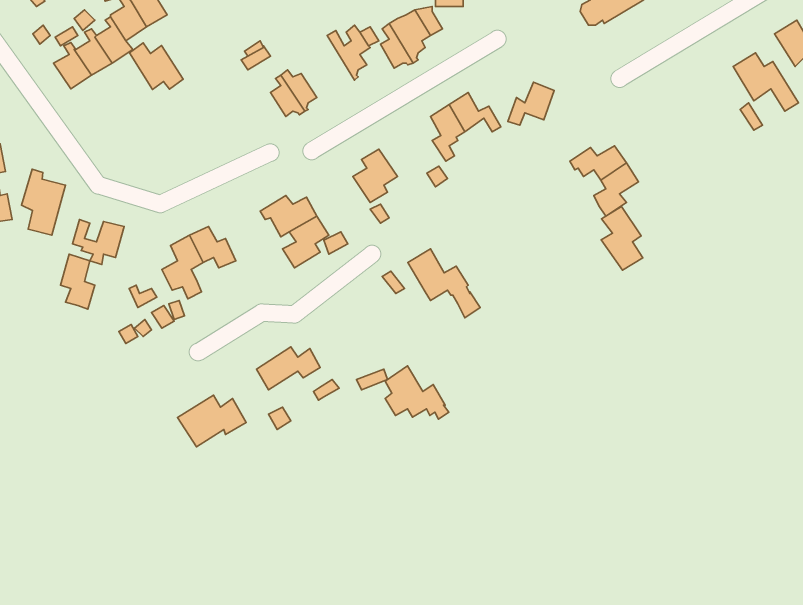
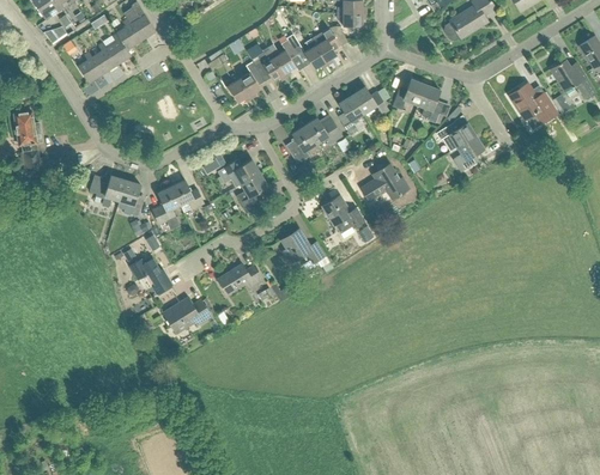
building: none -> [251,47,286,81]
building: [130,43,183,89] -> none
building: none -> [509,83,557,123]
building: none -> [418,85,442,123]
building: none -> [303,117,341,145]
building: [21,169,66,235] -> none
building: none -> [360,163,410,201]
building: [601,206,643,270] -> none
building: [60,254,95,309] -> [120,179,144,218]
building: none -> [129,257,172,293]
building: [385,366,449,419] -> [283,229,327,266]

